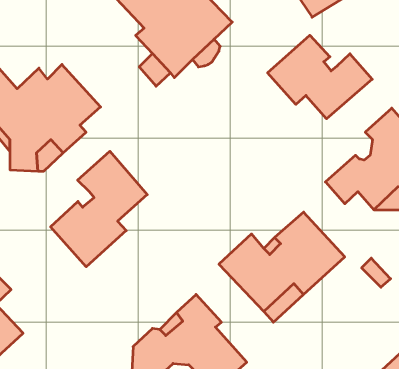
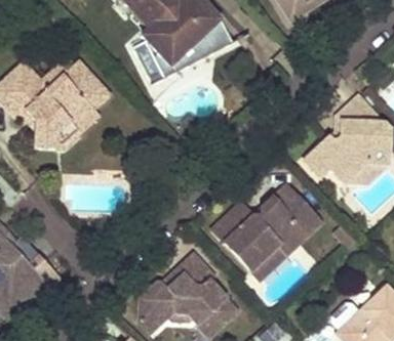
building: [268,35,372,119] -> none
building: [51,151,147,267] -> none

